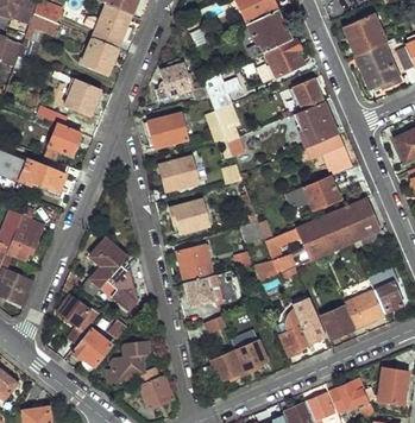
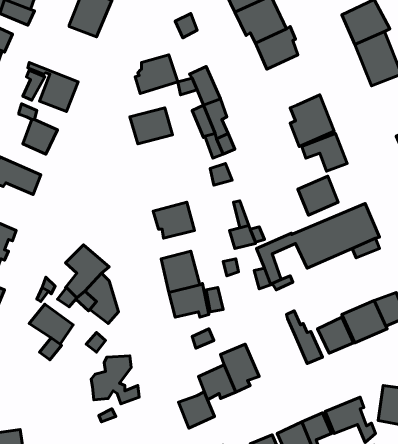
building: [82,38,118,74] -> none
building: [294,80,323,111] -> none
building: [159,156,199,190] -> none
building: [278,307,310,358] -> none
building: [73,329,111,366] -> none
building: [140,375,174,409] -> [178,392,215,428]

